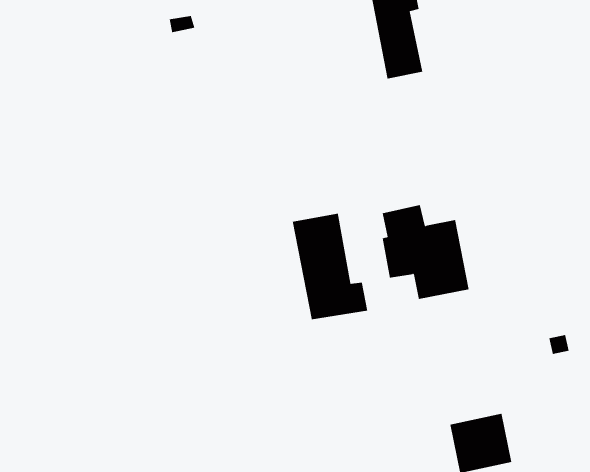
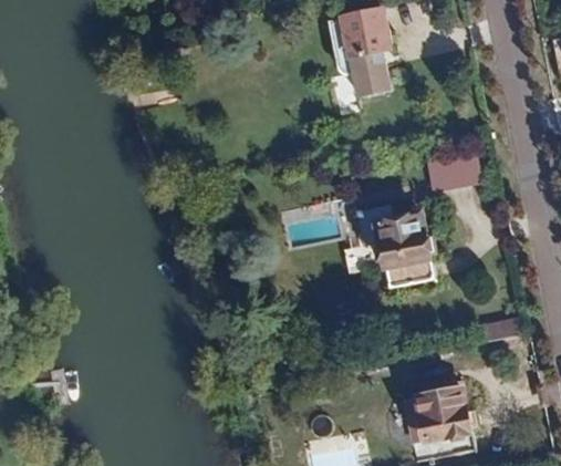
building: none -> [419,136,478,195]
building: [292,213,368,320] -> none

